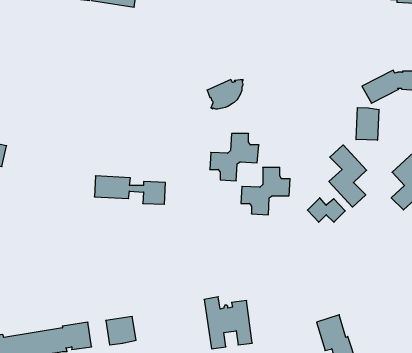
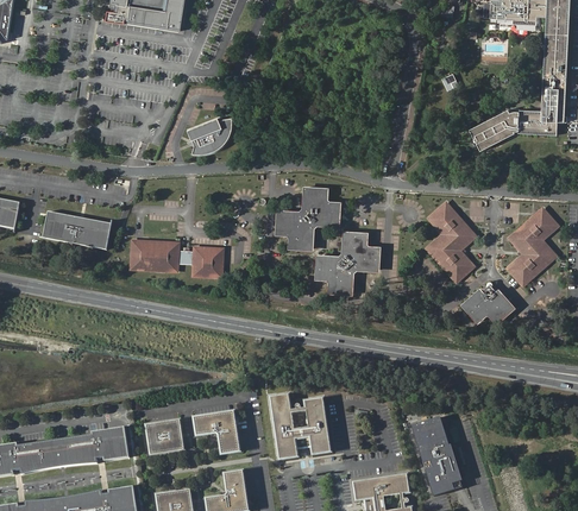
building: [207,80,243,109] -> [186,116,231,153]
building: [356,108,379,140] -> none
building: none -> [43,212,112,251]
building: [307,198,345,222] -> [463,290,510,321]
building: none -> [194,410,240,453]

